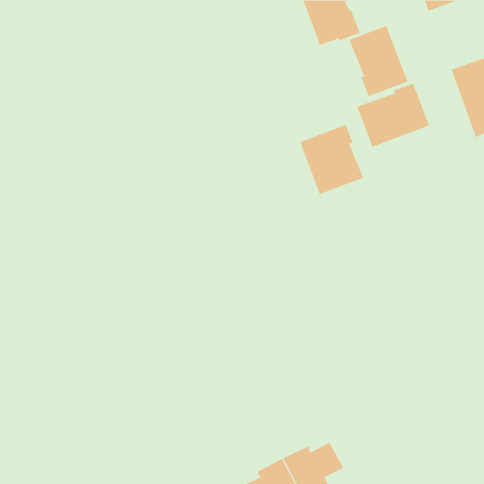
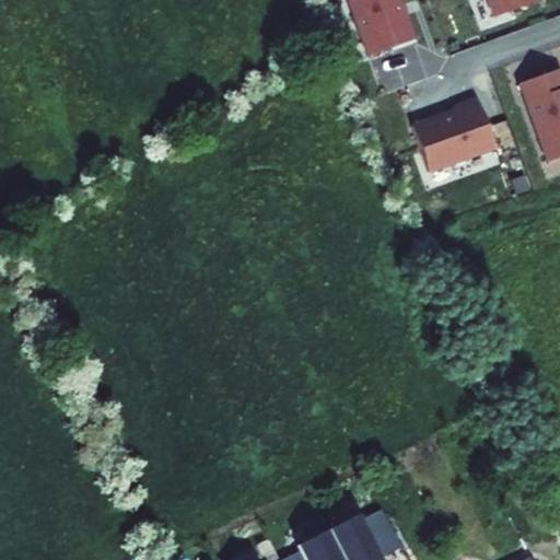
building: [349,25,408,97] -> none
building: [300,124,364,195] -> none

